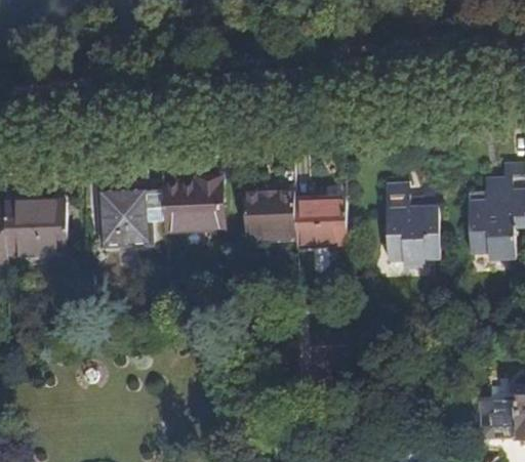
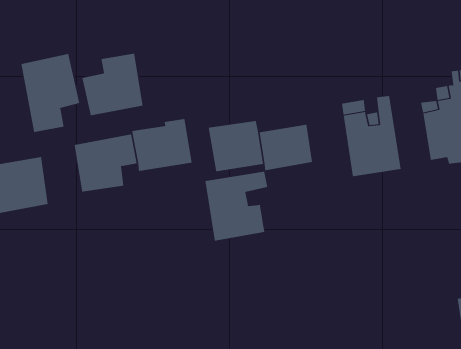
building: none -> [21,53,80,133]
building: none -> [82,53,143,116]
building: none -> [205,171,268,241]

